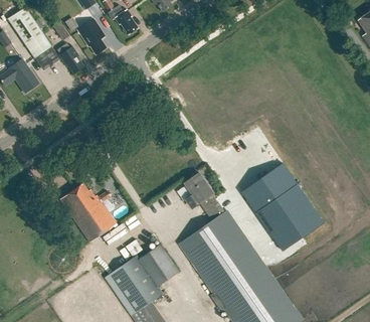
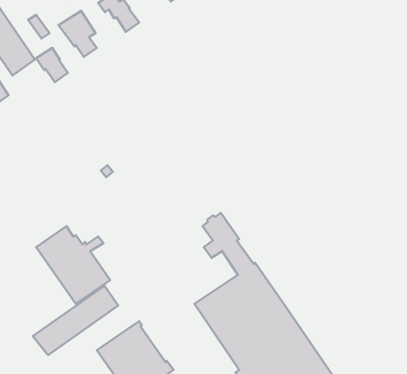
building: [236,161,318,248] -> none
building: none -> [33,286,118,355]
building: [139,243,180,286] -> none

